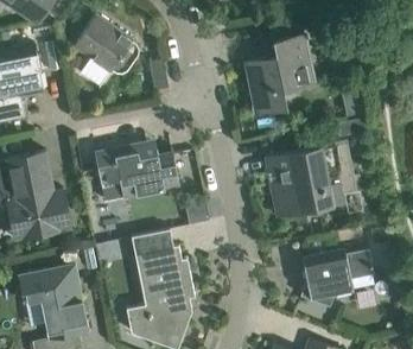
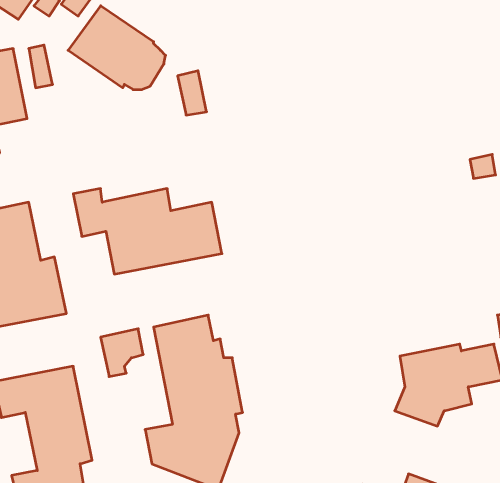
building: [246,36,313,112] -> none
building: [265,140,356,217] -> none

